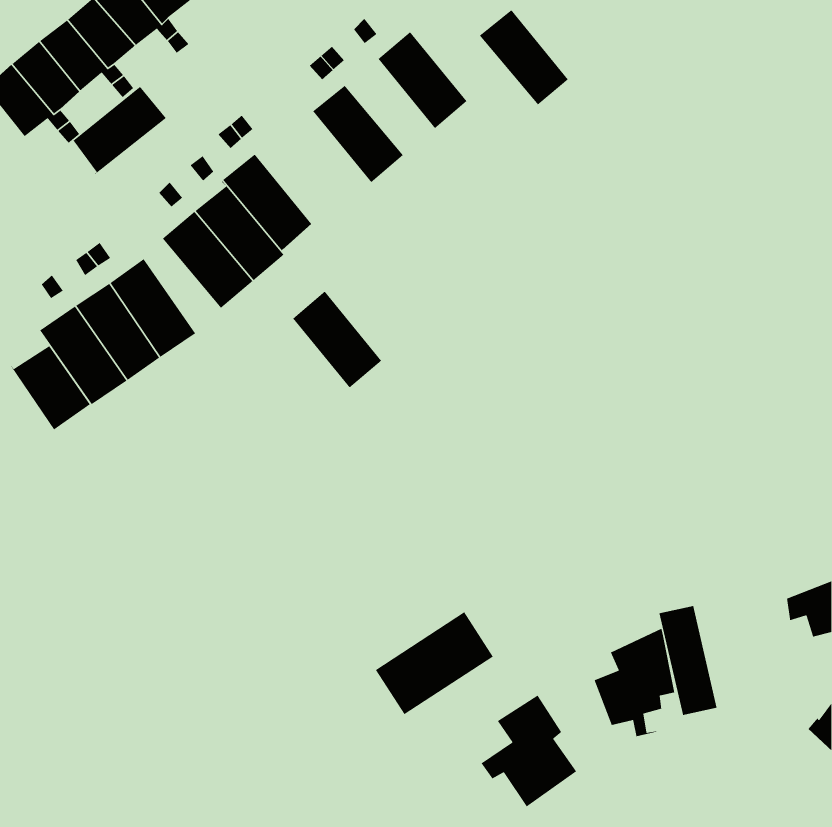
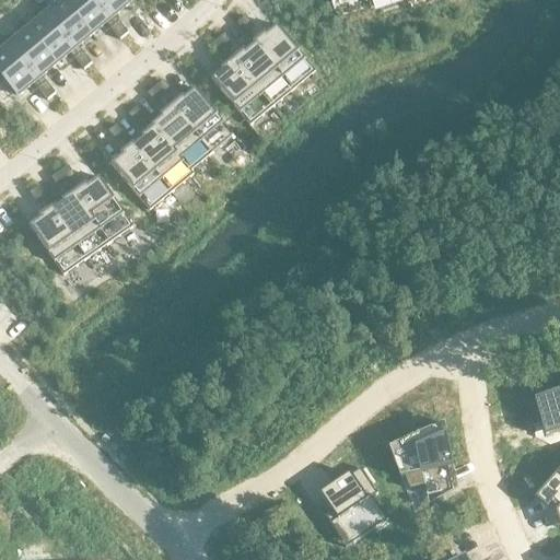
building: [479,9,569,106] -> [231,39,291,104]
building: [72,86,167,177] -> none
building: [292,291,382,389] -> [171,84,231,150]
building: [10,345,91,430] -> none
building: [659,605,717,716] -> none
building: [375,611,494,715] -> none

